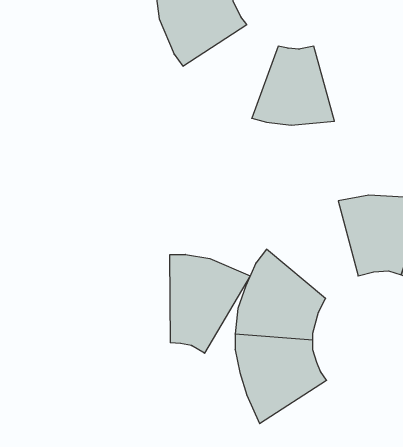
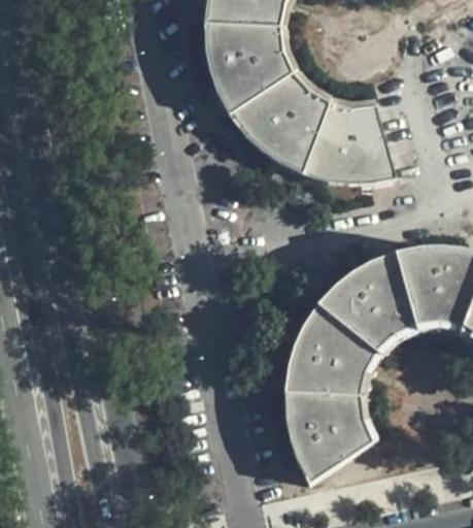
building: none -> [230,69,330,167]
building: none -> [317,254,413,356]
building: [170,254,250,353] -> none

